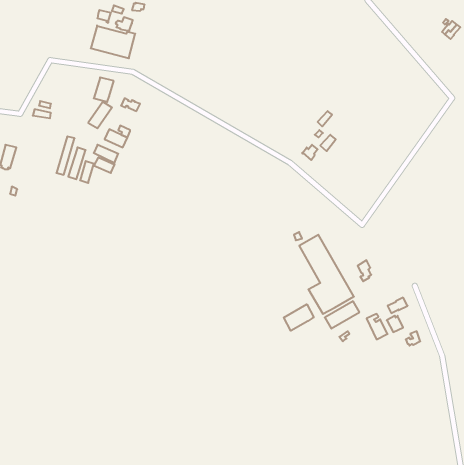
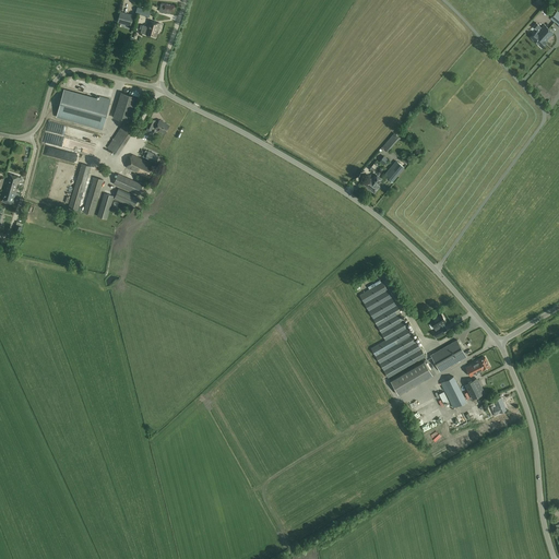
building: [91,25,135,58] -> [56,90,109,129]
building: none -> [430,340,466,371]
building: [284,304,314,331] -> none

